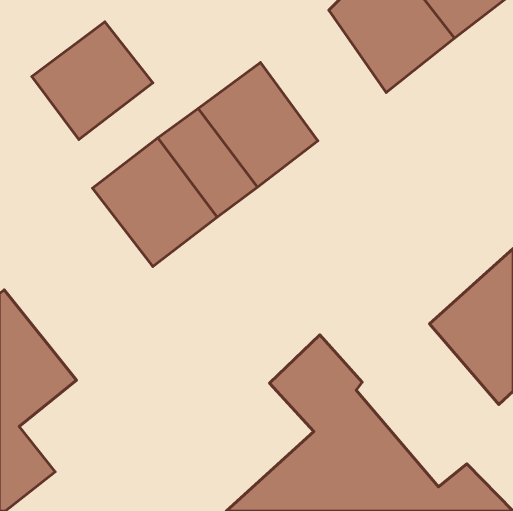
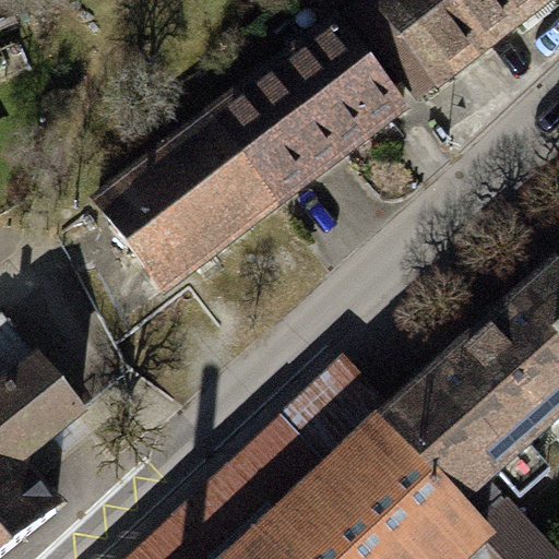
building: none -> [283,23,406,153]
building: [32,22,153,140] -> none
building: none -> [386,352,542,528]

